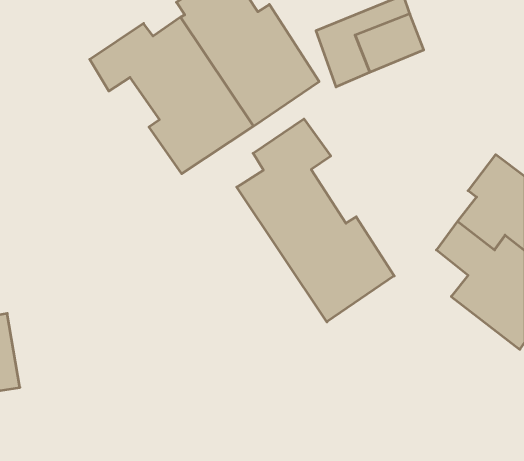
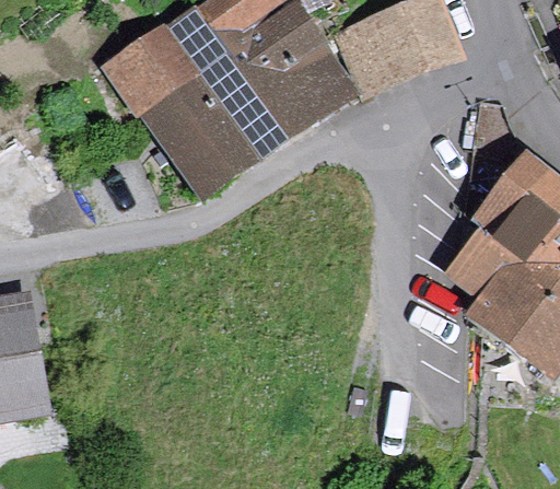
building: [237,119,394,322] -> none

